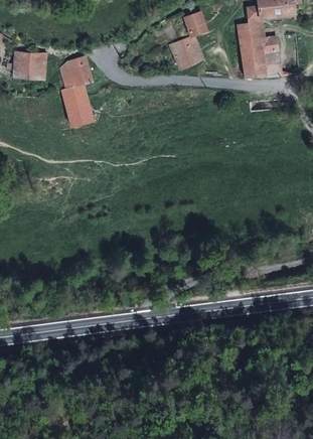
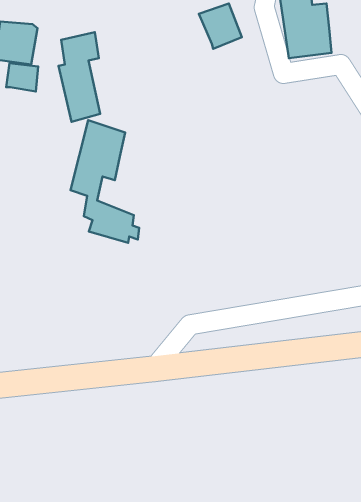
building: none -> [6,63,38,91]
building: none -> [71,120,139,243]

